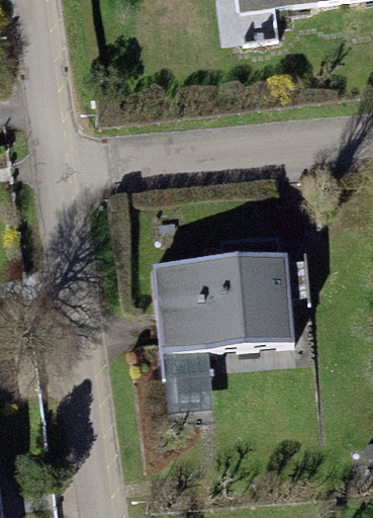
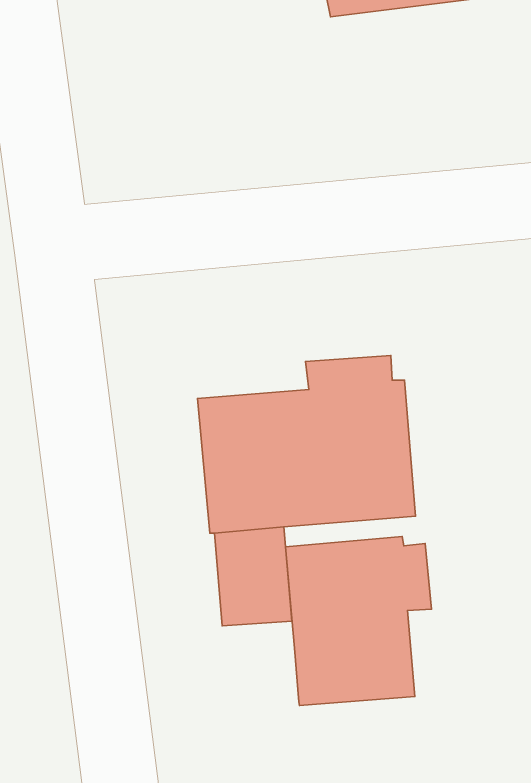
building: none -> [286,536,432,705]

